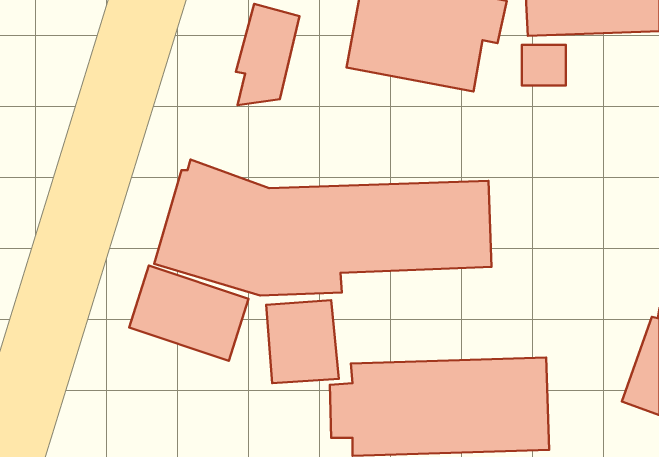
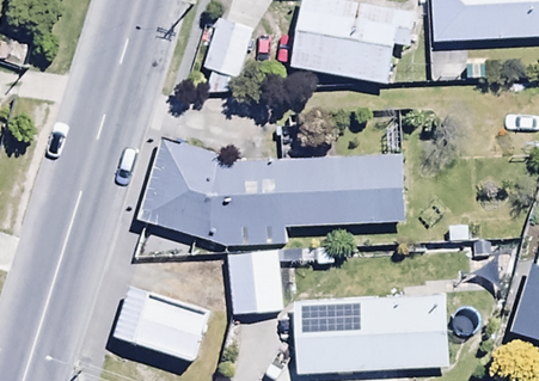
building: [129,266,249,361] -> [114,285,208,361]

